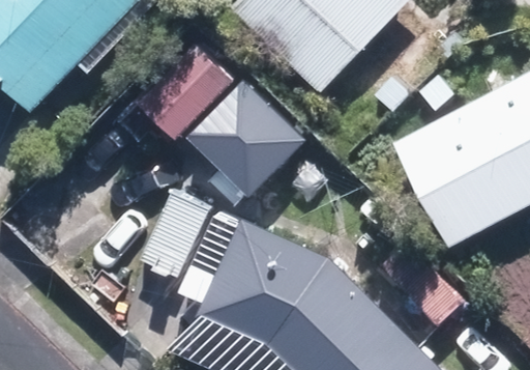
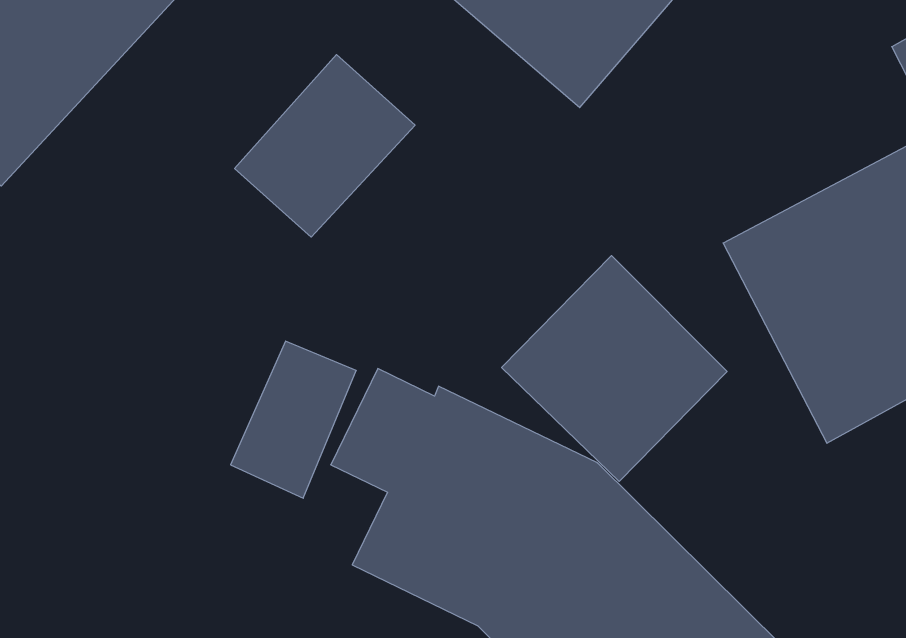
building: [189,89,308,208] -> [502,256,727,481]

